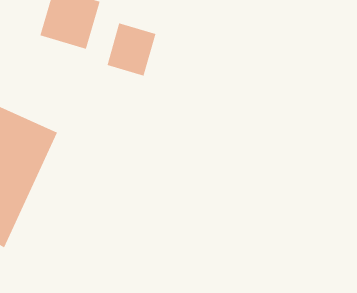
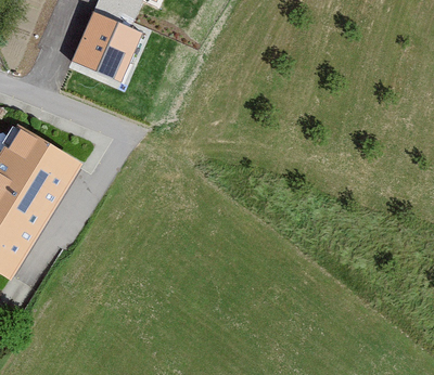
building: [107,23,156,77] -> none

